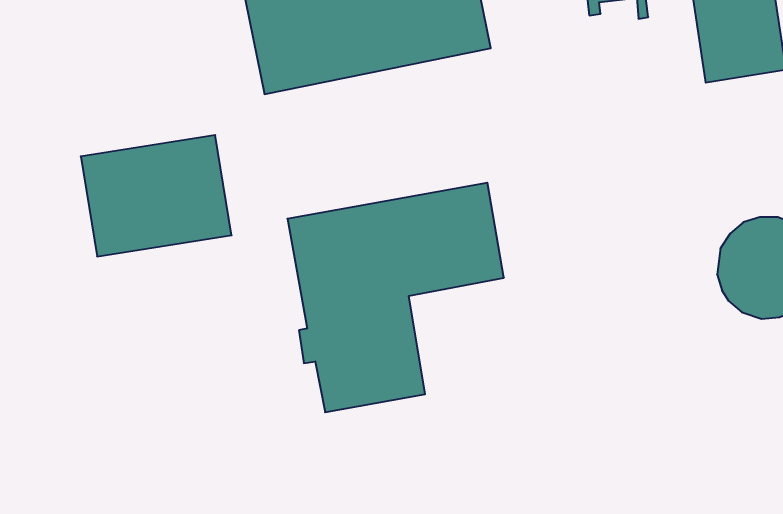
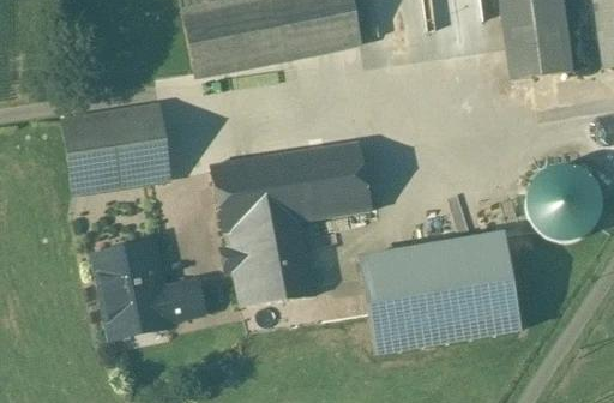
building: none -> [357,234,520,355]
building: none -> [94,243,203,339]

